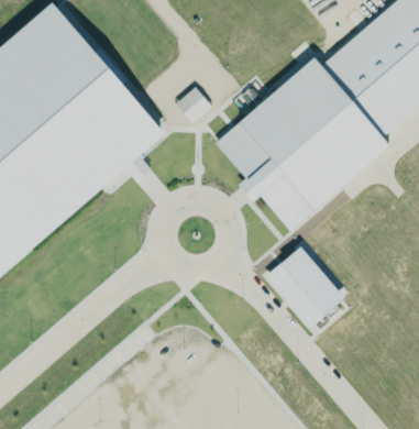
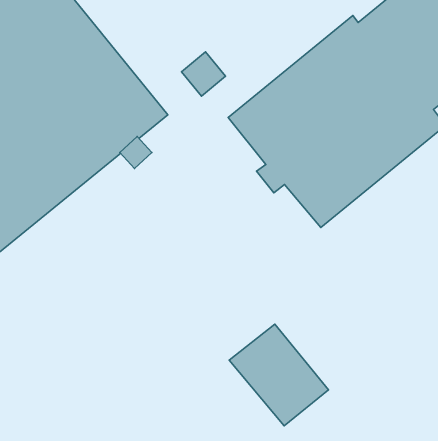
building: [263,245,344,329] -> [229,324,328,426]

